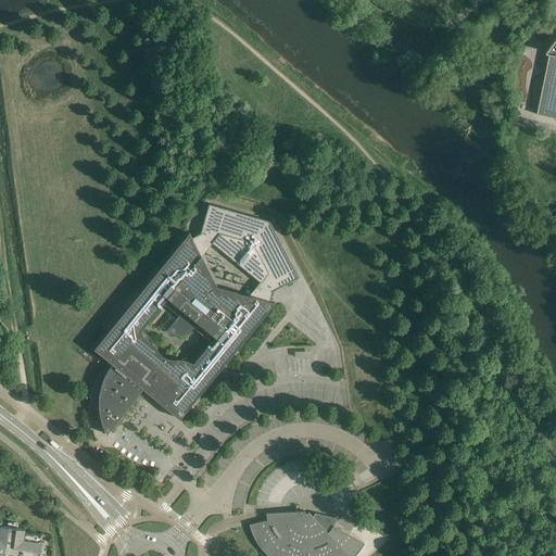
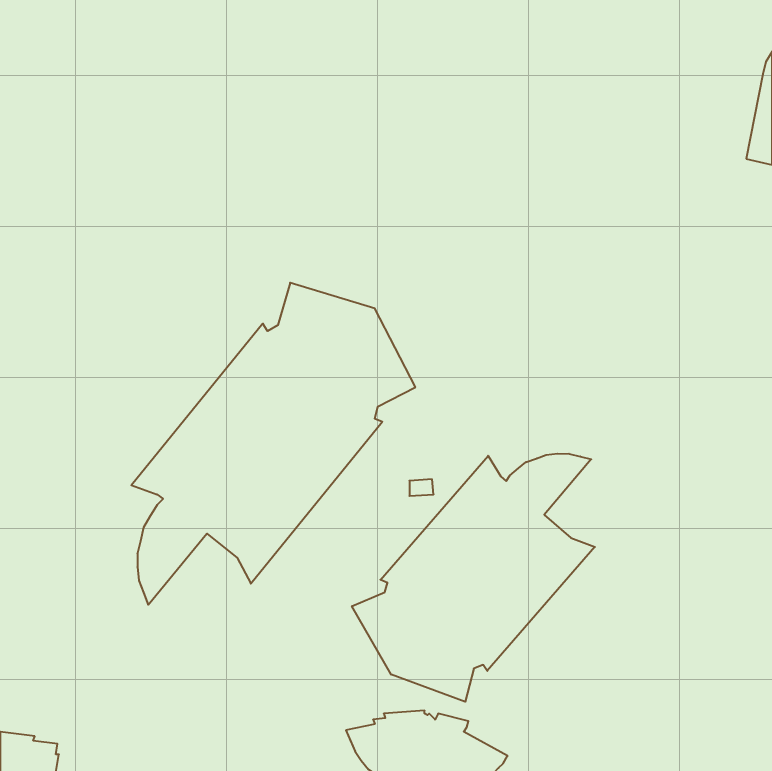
building: none -> [352,454,595,702]

